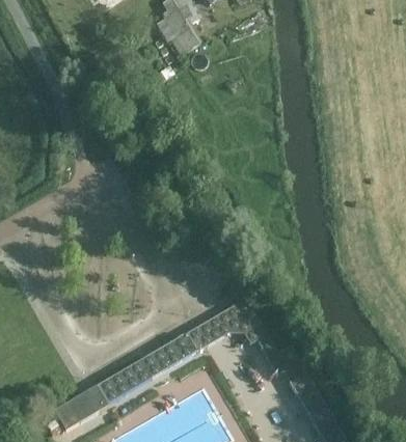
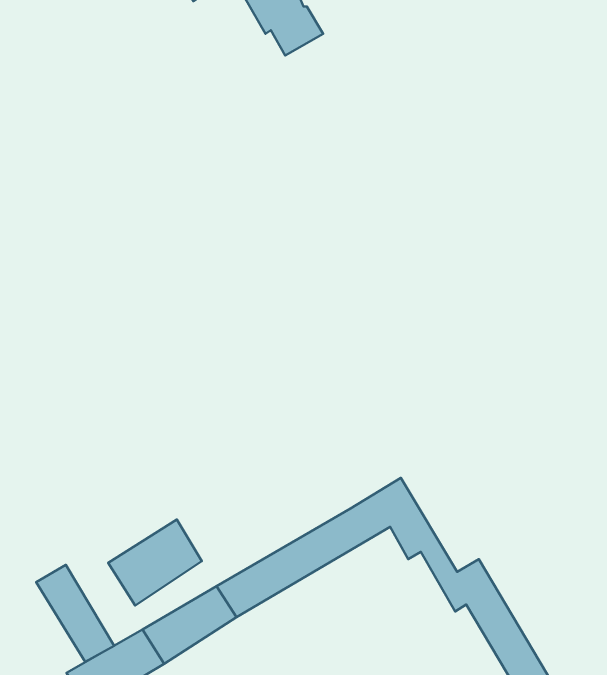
building: none -> [108,519,202,605]
building: none -> [36,565,114,662]

